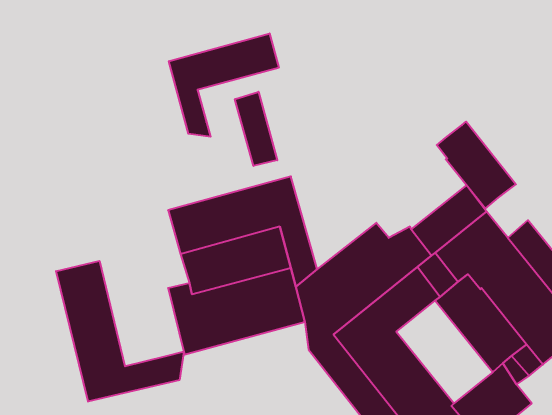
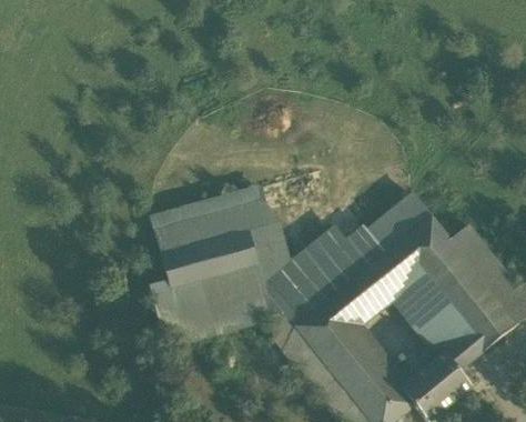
building: [169,33,279,137] -> none
building: [235,92,277,166] -> none
building: [437,122,516,208] -> none
building: [56,261,184,402] -> none

